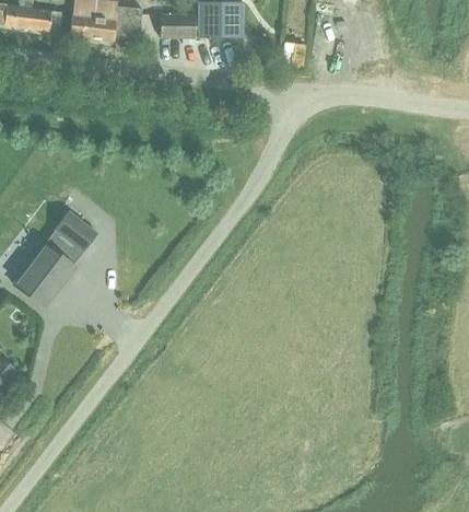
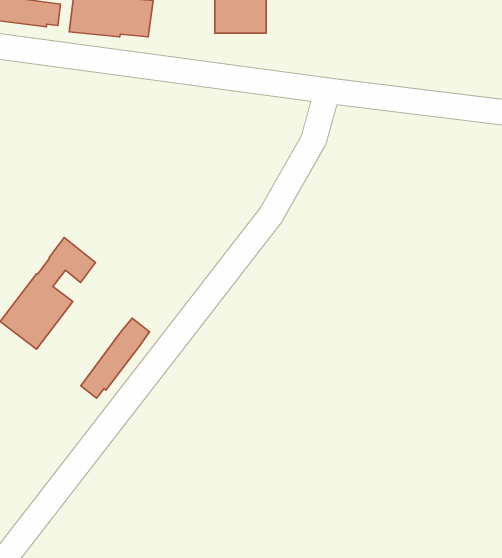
building: [162,13,196,42] -> none
building: none -> [81,318,150,398]

